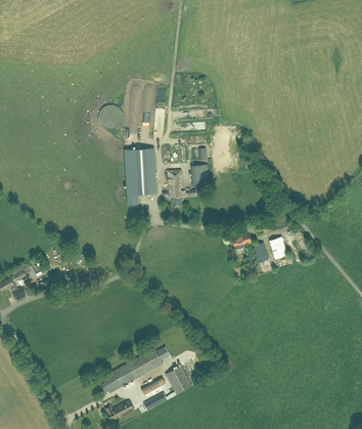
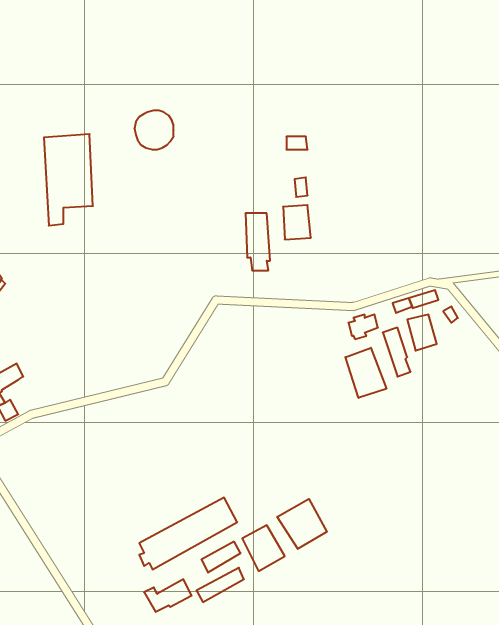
building: [125,147,155,205] -> [44,134,93,226]
building: none -> [345,348,386,398]
building: none -> [277,499,327,549]

